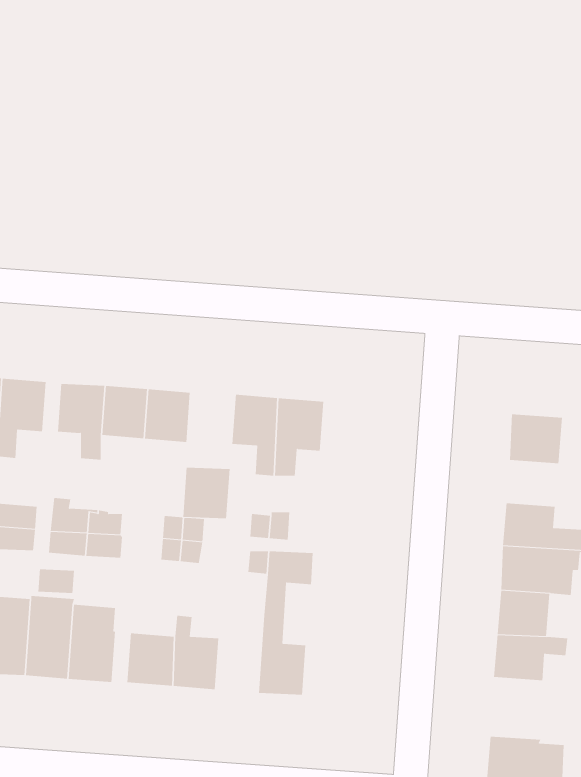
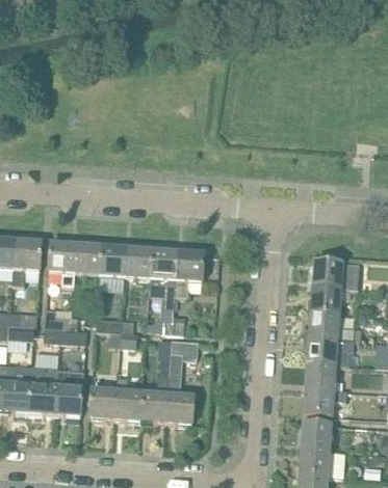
building: none -> [310,287,350,314]
building: [182,467,230,519] -> [124,247,152,277]
building: none -> [140,375,169,423]
building: none -> [301,422,332,450]

